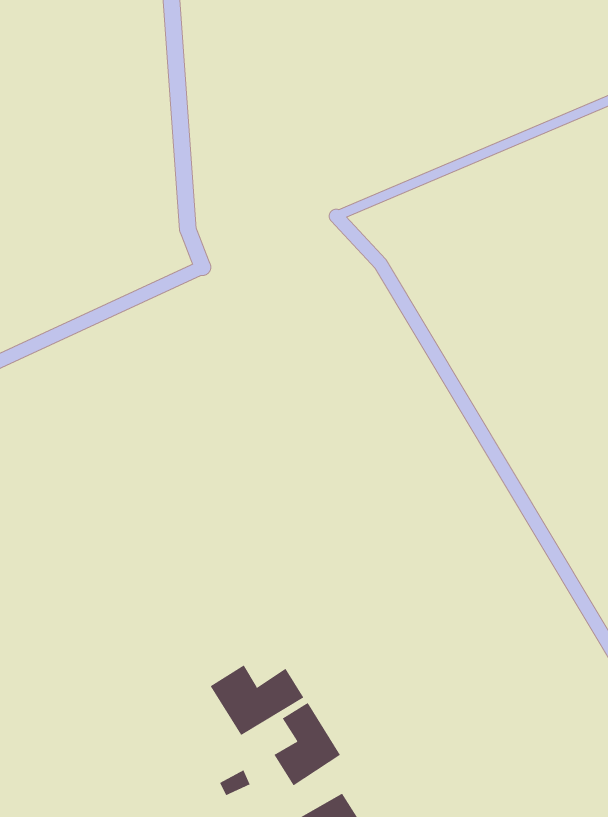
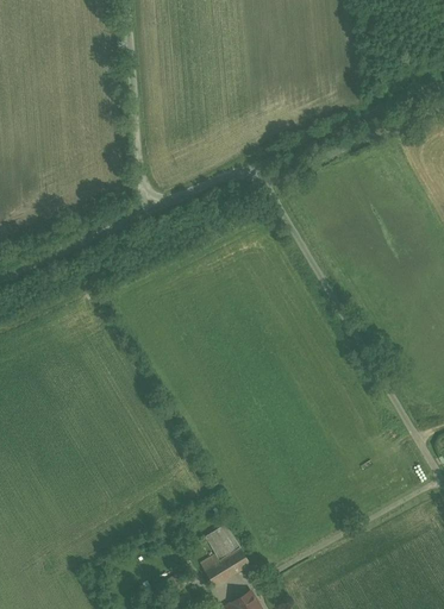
building: [210,665,304,736] -> none

